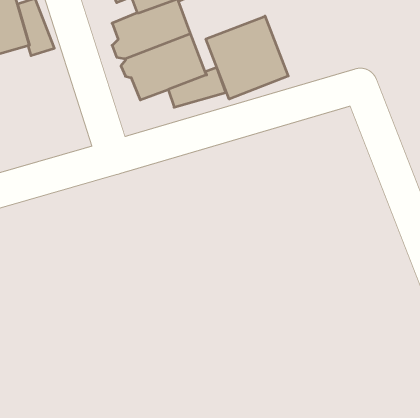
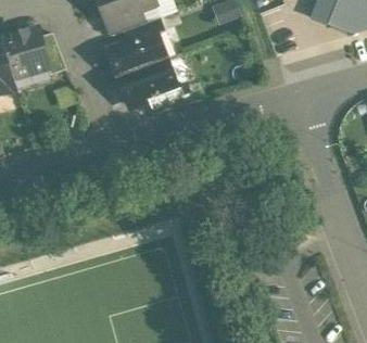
building: [206,16,288,99] -> none

